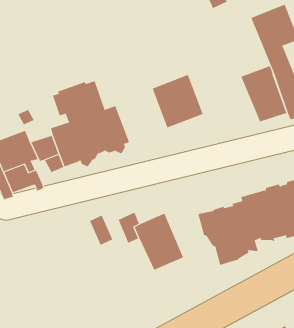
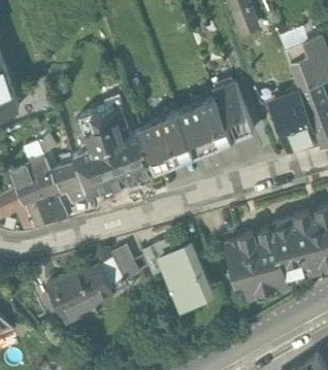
building: none -> [211,83,253,140]
building: none -> [139,113,193,169]
building: none -> [44,265,113,323]

